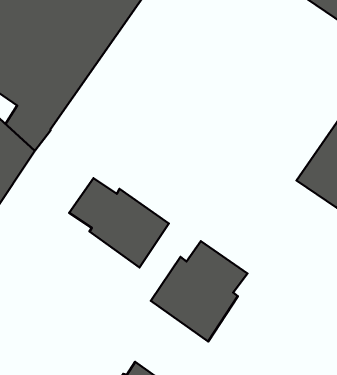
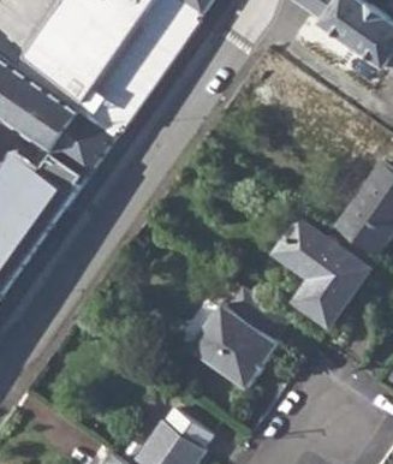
building: none -> [275,221,367,325]
building: [69,178,169,267] -> none

